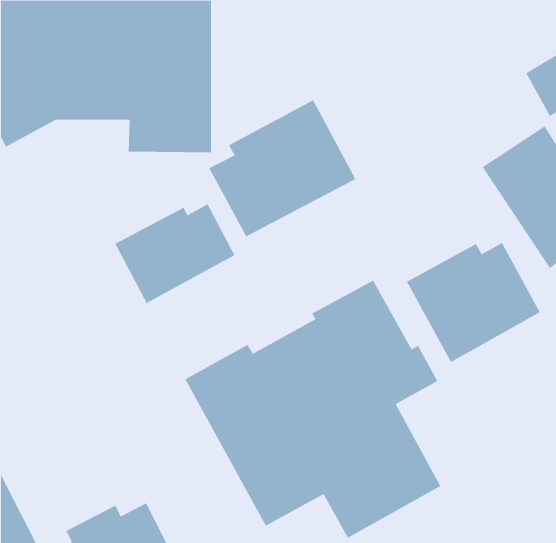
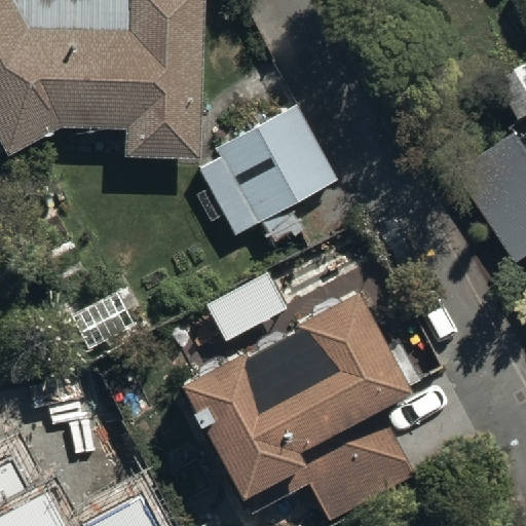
building: [114,203,235,304] -> none
building: [406,242,540,363] -> none

